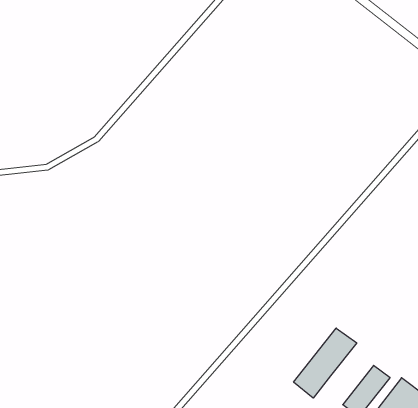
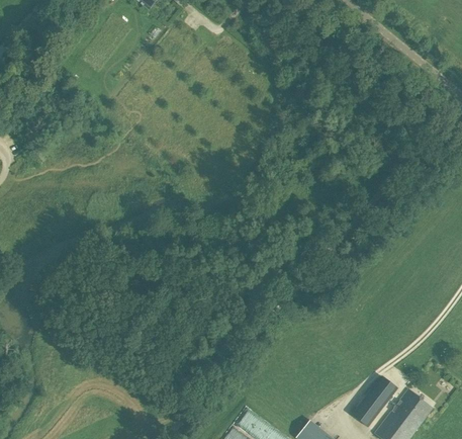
building: [294,328,357,398] -> none

